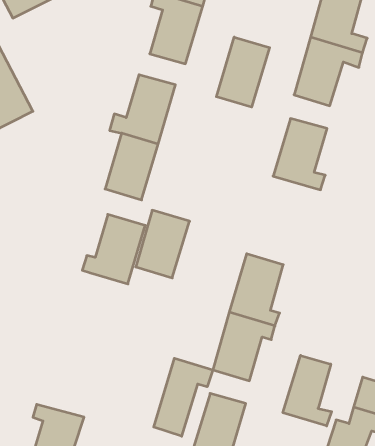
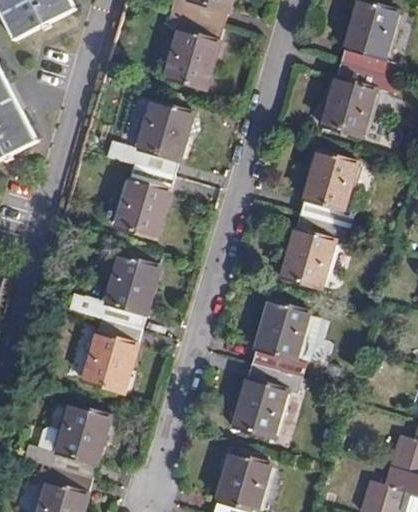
building: [216,37,270,107] -> none
building: none -> [283,213,352,287]
building: [136,210,190,278] -> [82,319,141,393]
building: none -> [26,405,111,477]
building: [283,355,332,426] -> none
building: [154,358,213,436] -> none

